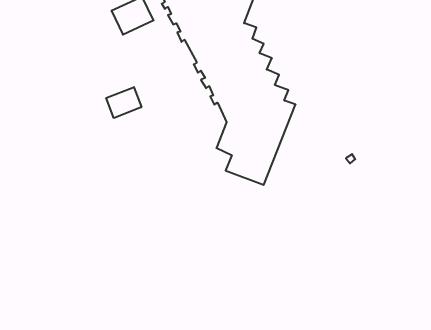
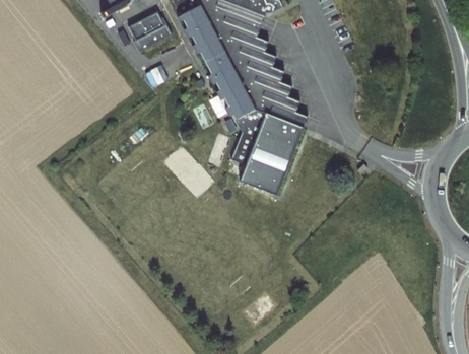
building: [106,87,141,118] -> none

